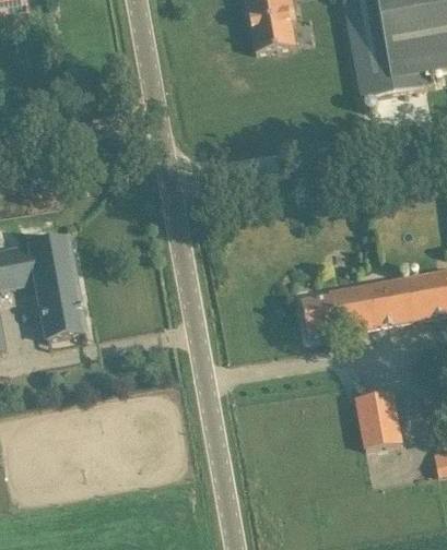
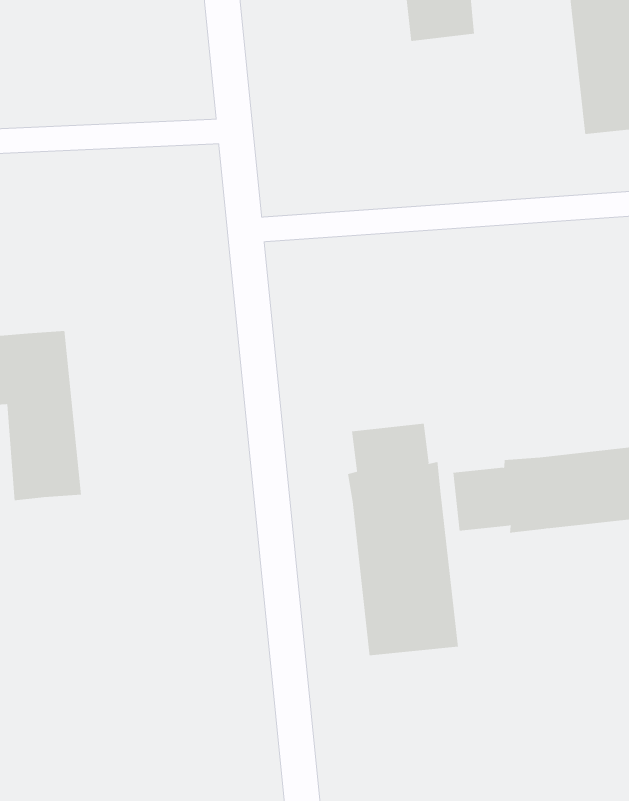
building: none -> [347,423,459,656]
building: [355,388,403,447] -> none

